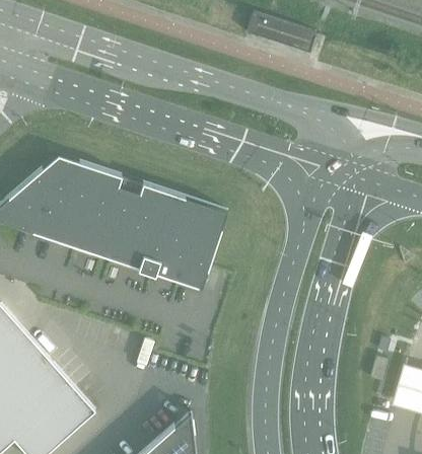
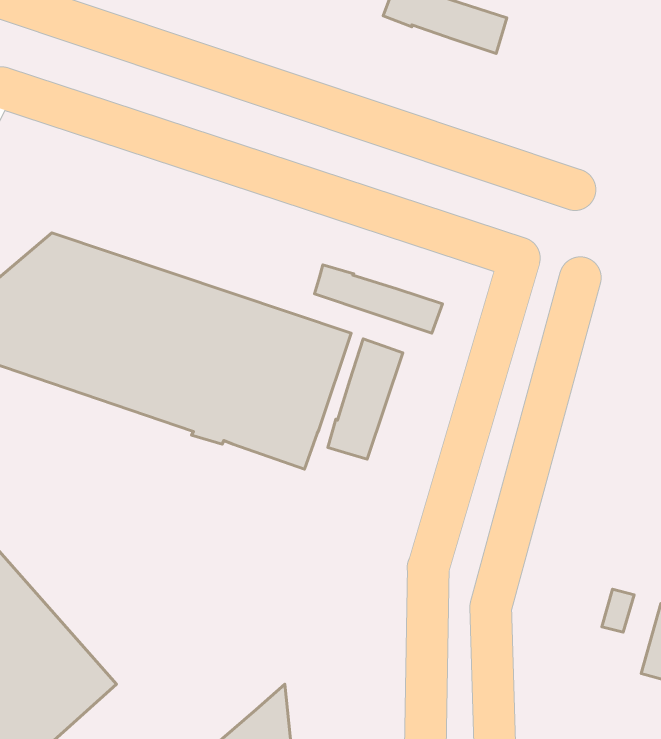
building: none -> [315,265,443,333]
building: none -> [328,339,403,459]

